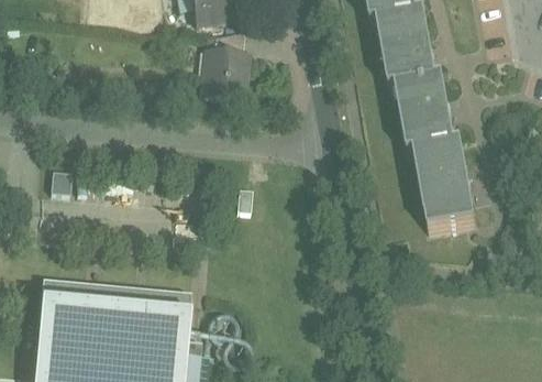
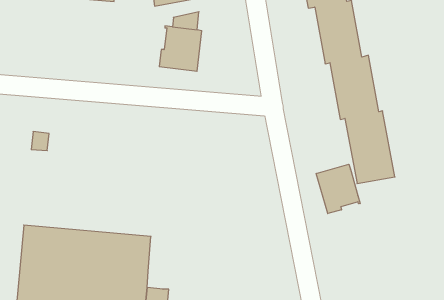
building: none -> [316,164,360,214]

